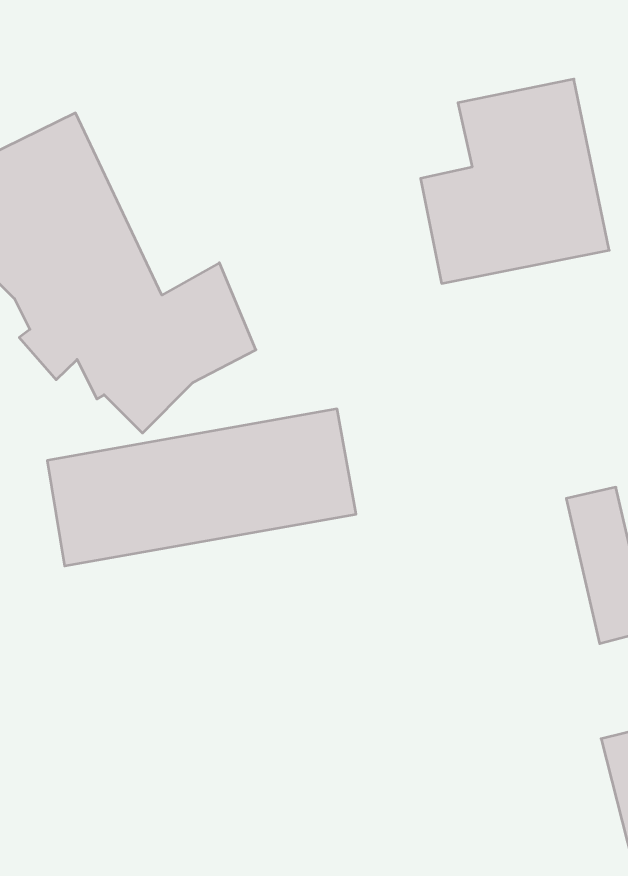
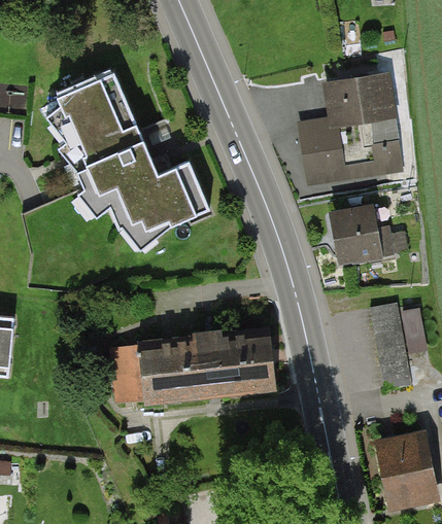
building: none -> [335,206,385,261]
building: [47,409,356,566] -> [111,329,279,405]

